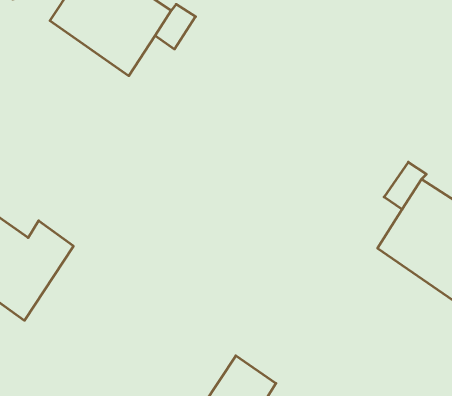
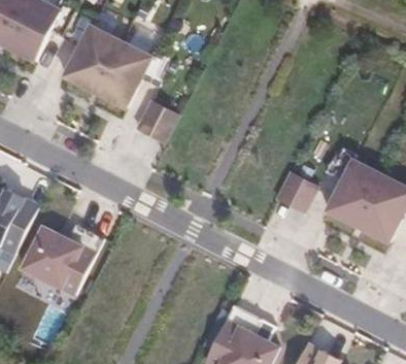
building: none -> [137,101,177,142]
building: none -> [275,171,317,213]

